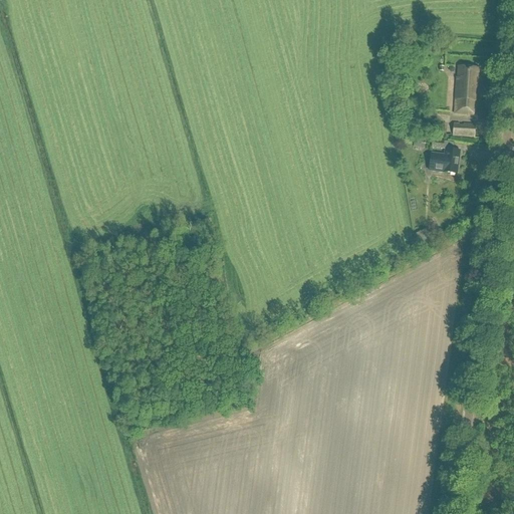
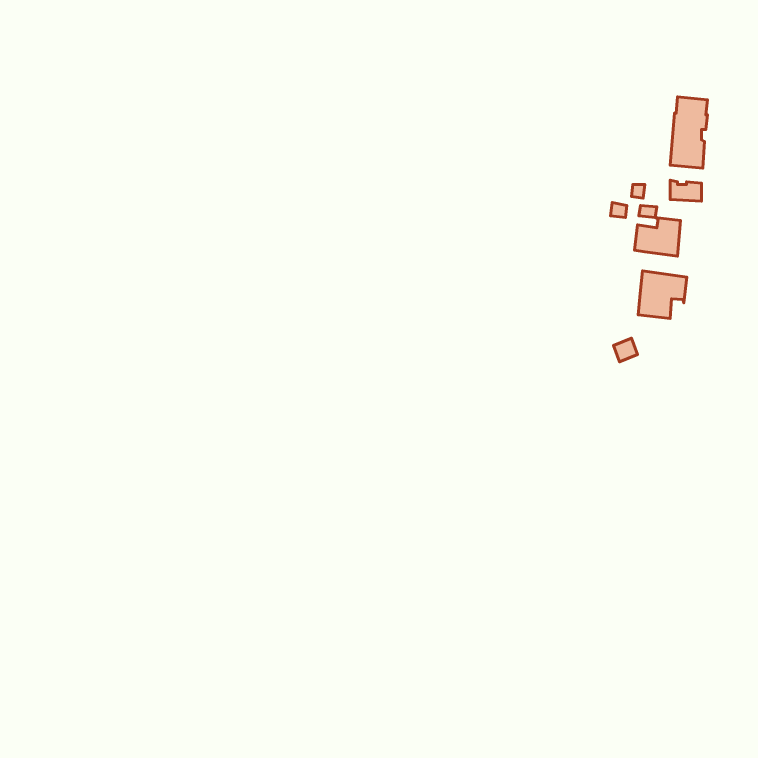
building: none -> [638,271,687,319]

